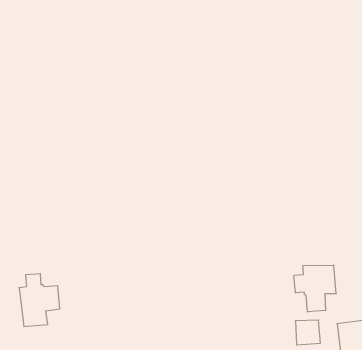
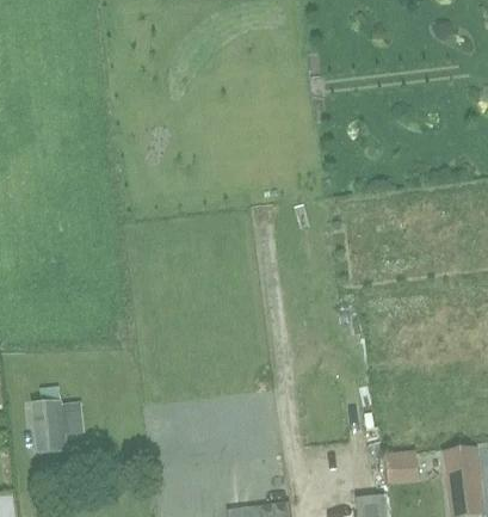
building: [294,265,336,312] -> none

